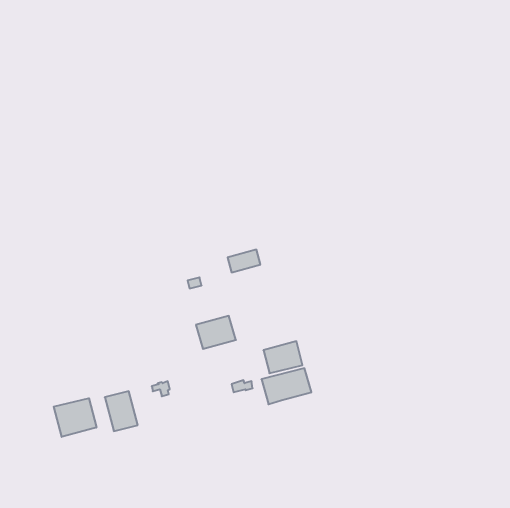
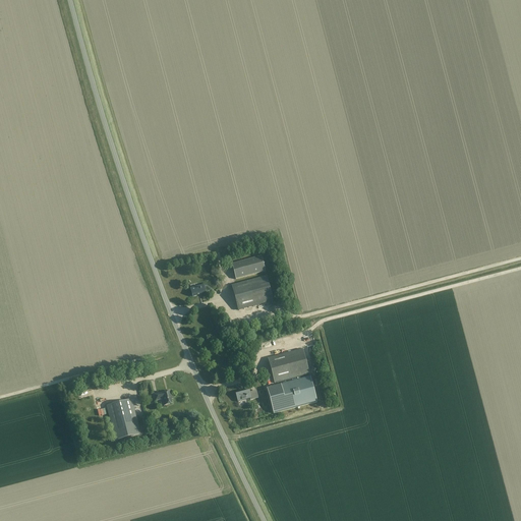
building: [196,316,236,349] -> [232,275,273,308]
building: [54,398,96,437] -> none

